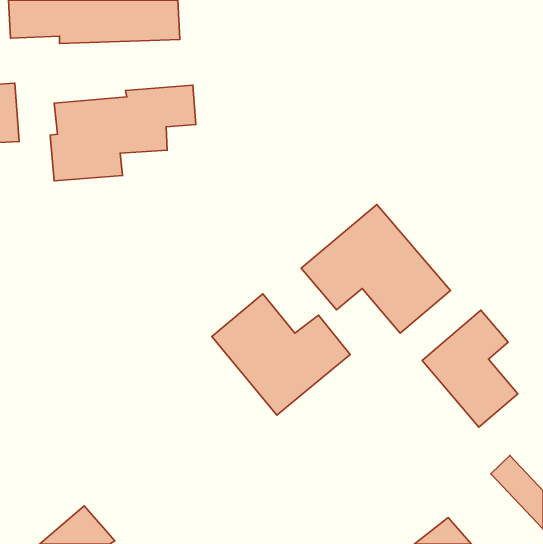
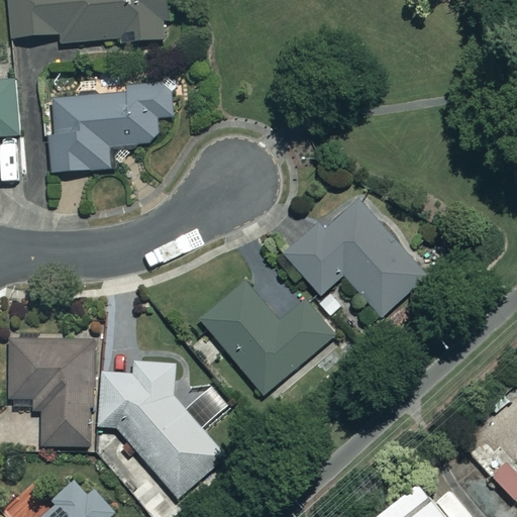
building: [422,310,518,427] -> none
building: none -> [9,338,98,447]
building: none -> [97,360,225,498]

